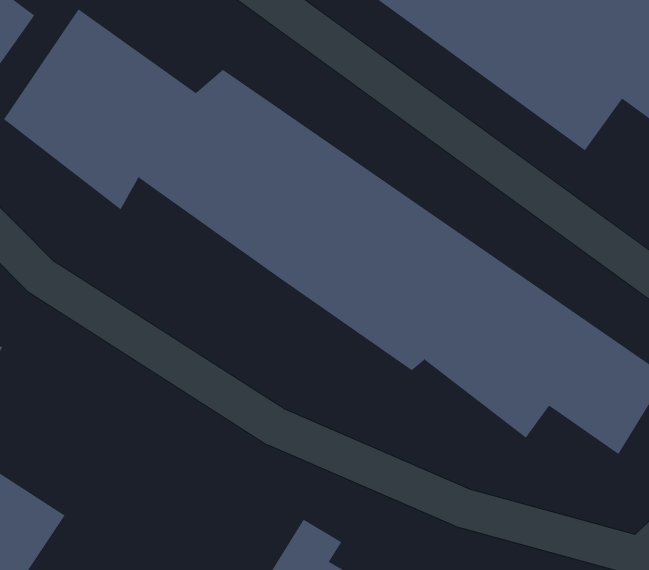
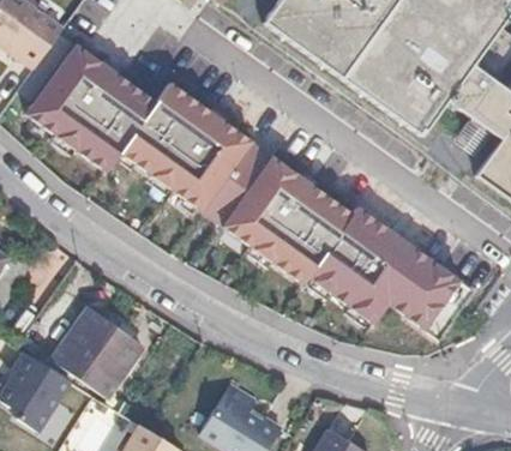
building: none -> [53,308,142,396]

